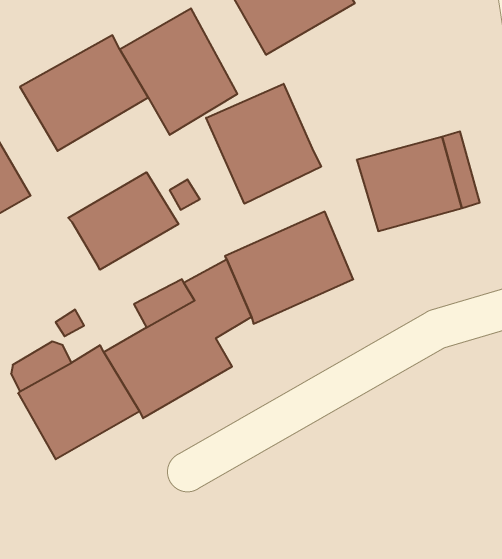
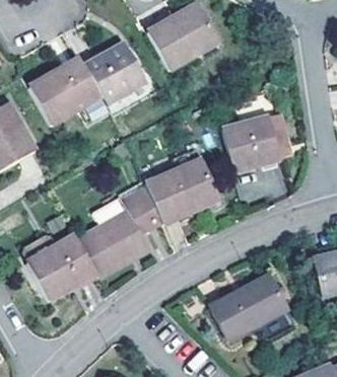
building: [206,84,321,204] -> none
building: [68,172,178,270] -> none
building: none -> [212,275,286,338]

